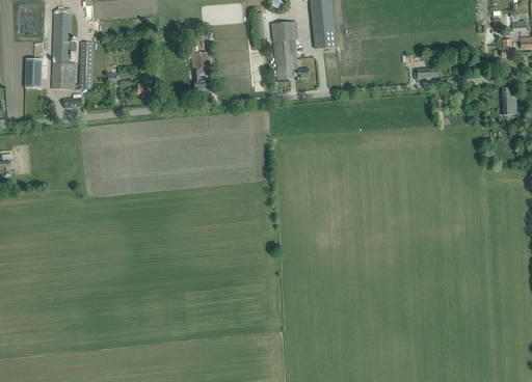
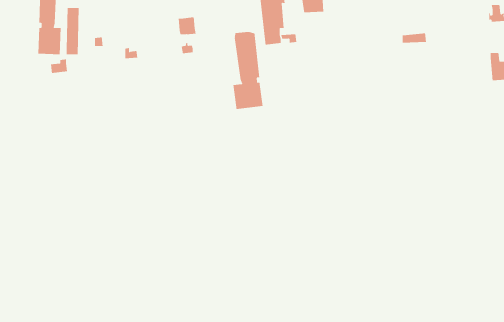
building: [24,57,41,87] -> none
building: none -> [233,31,263,110]

